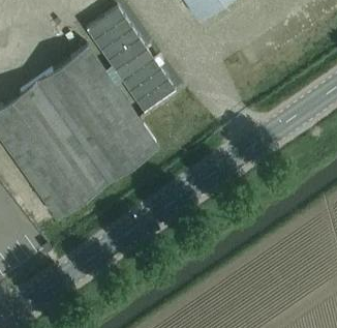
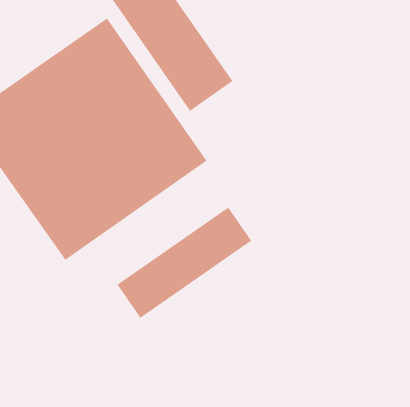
building: none -> [116,207,252,319]

